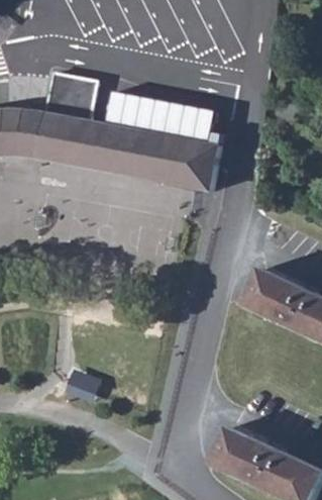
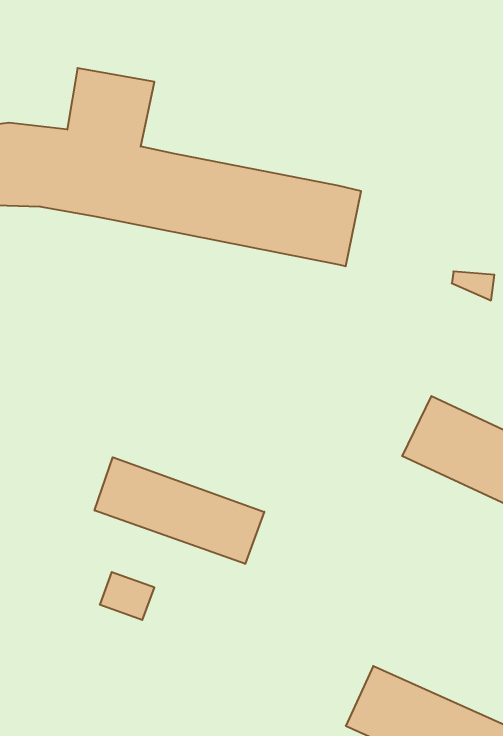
building: [108,91,213,144] -> none
building: none -> [95,457,264,564]

